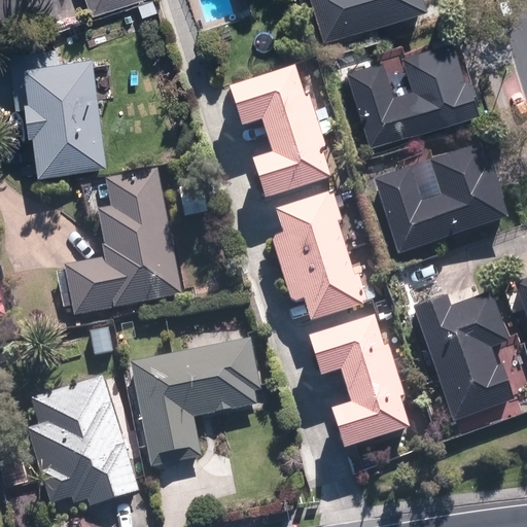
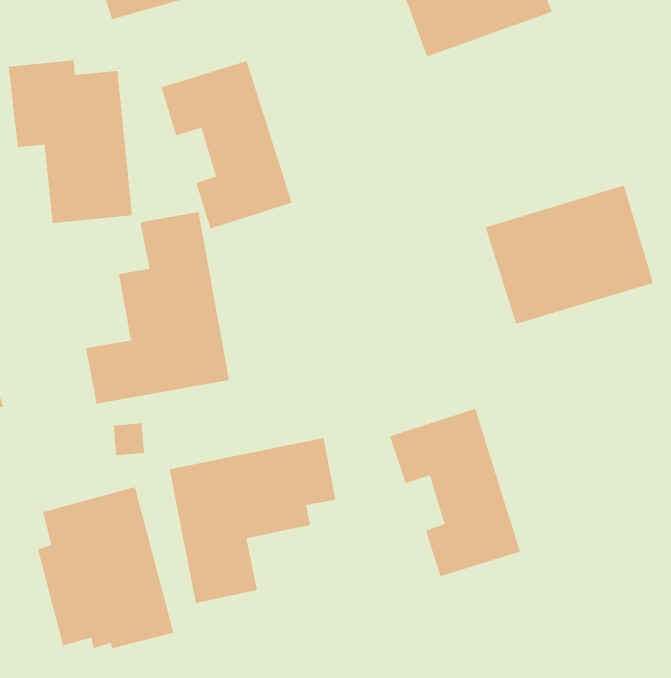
building: [345,35,477,143] -> none
building: [232,66,333,197] -> [161,60,292,229]
building: [275,190,368,314] -> none
building: [415,290,512,421] -> none

